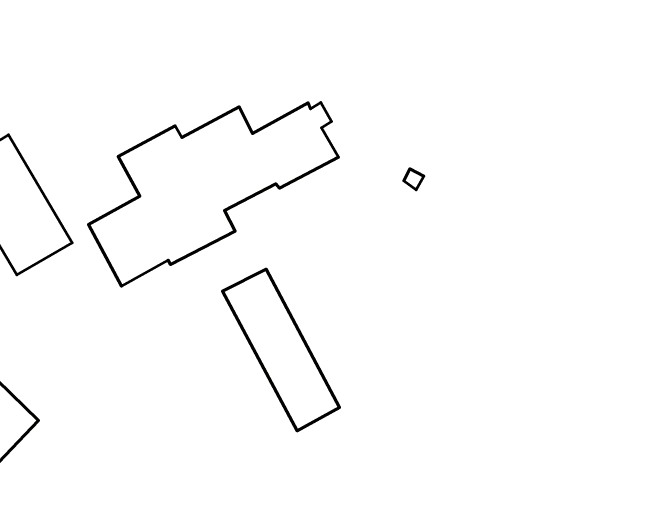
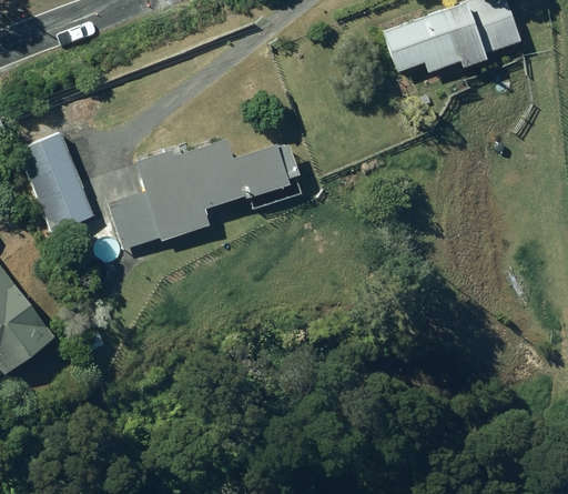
building: [222,269,340,431] -> none

